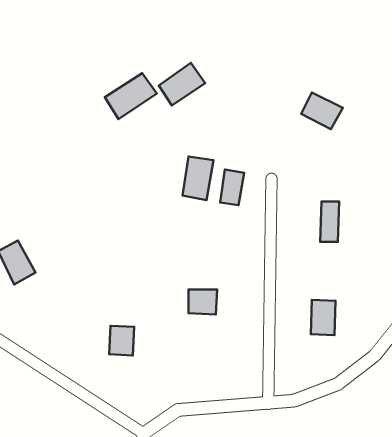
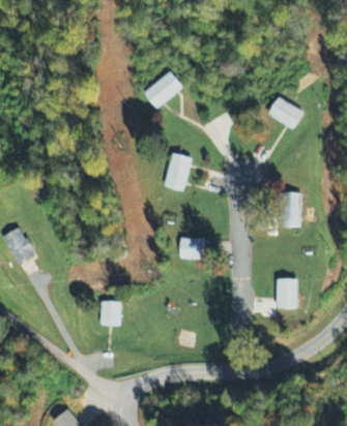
building: [105,73,157,119] -> none
building: [220,169,244,205] -> none
building: [189,290,217,314] -> [179,238,204,260]

